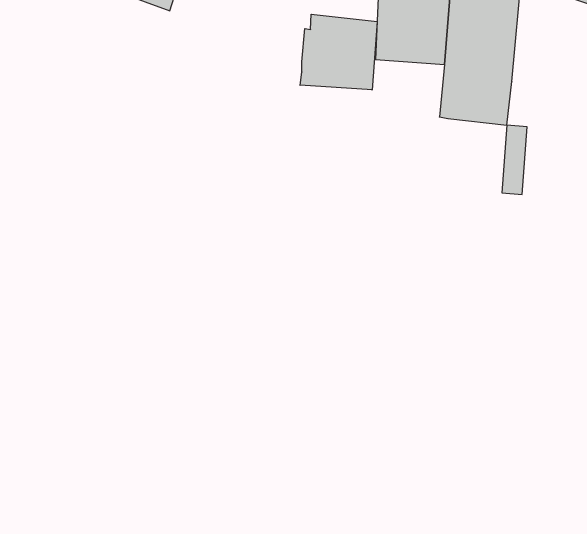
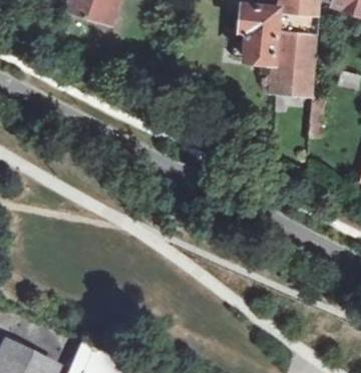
building: [300,14,377,90] -> none

